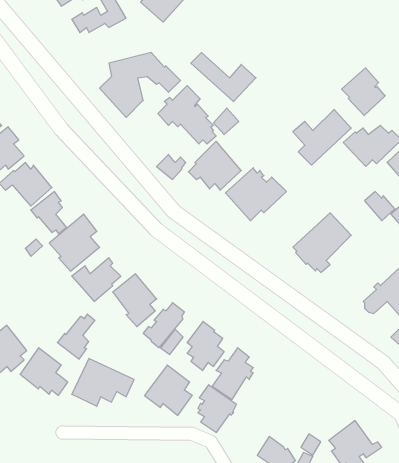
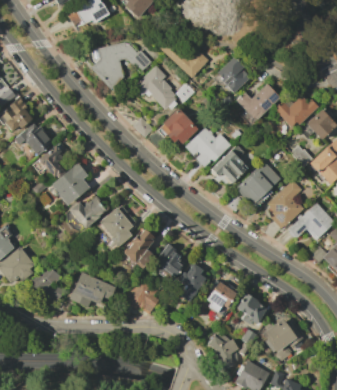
building: [342,68,385,116] -> [217,56,250,92]
building: none -> [211,145,248,184]
building: none -> [267,179,304,228]
building: [57,314,95,359] -> none
building: [198,385,236,432] -> [207,278,236,314]
building: none -> [237,293,267,324]

